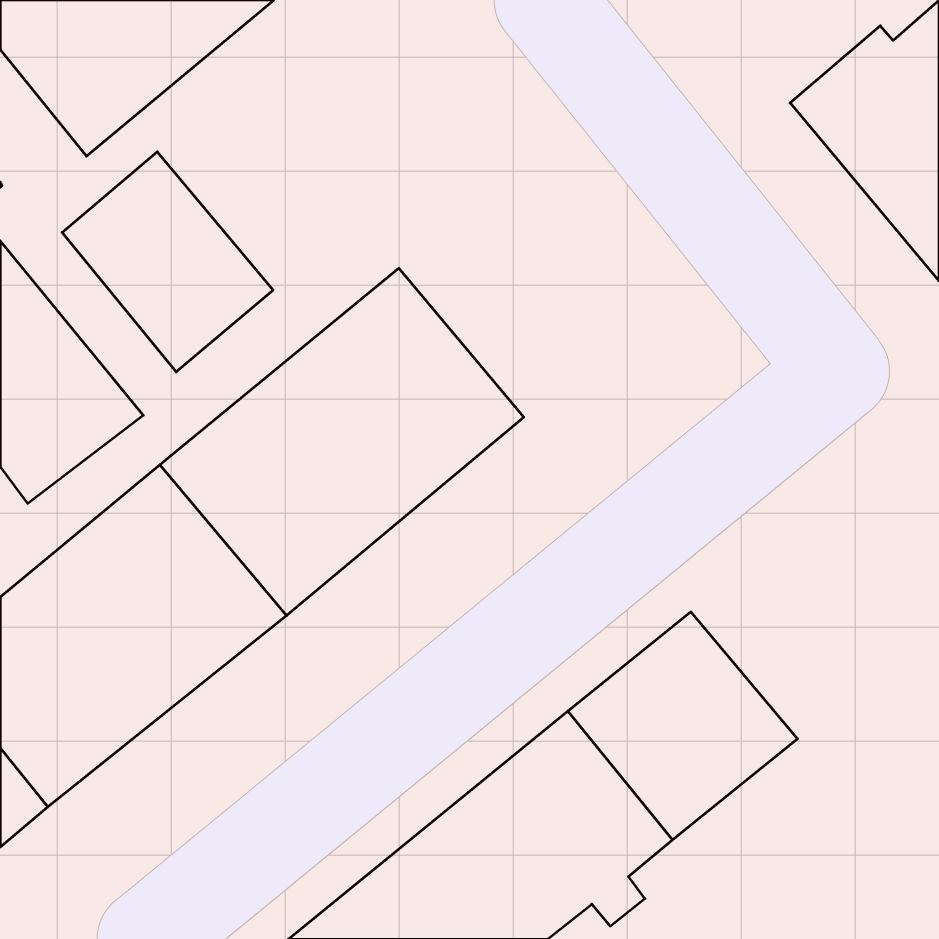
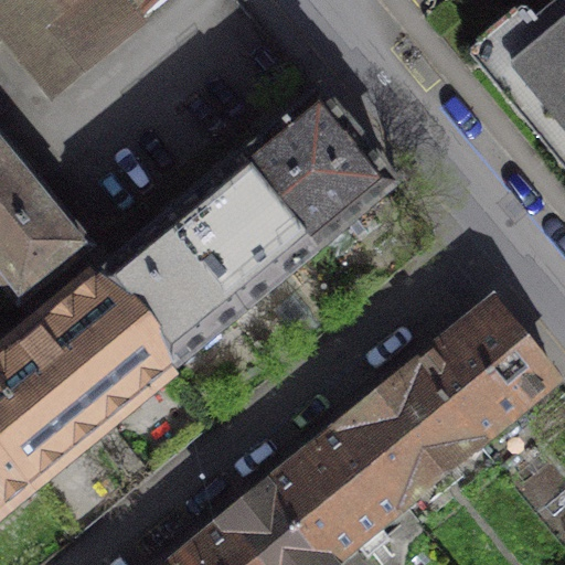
building: [62,152,273,372] -> none
building: none -> [239,95,393,250]
building: none -> [415,303,555,444]

